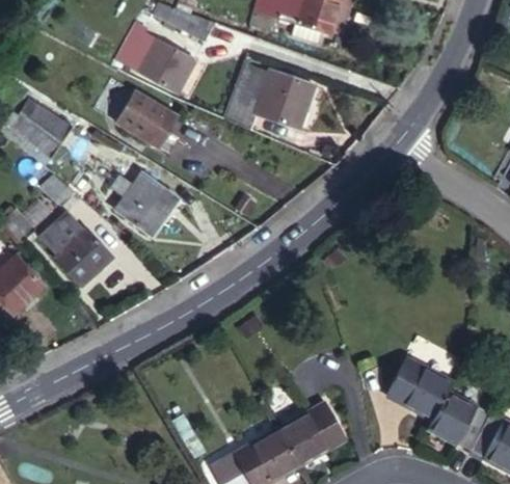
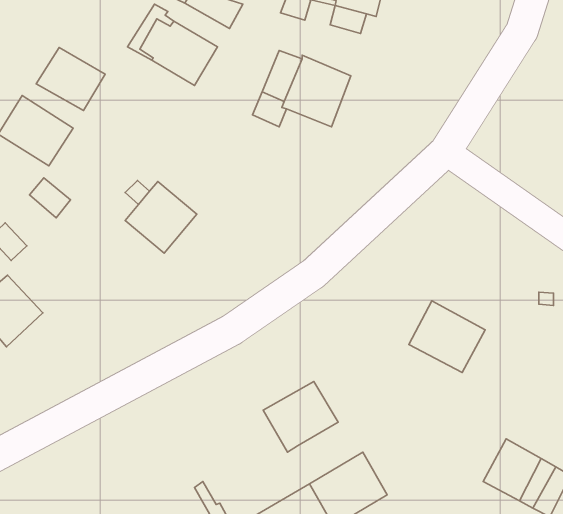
building: [120,88,180,142] -> [36,47,105,110]
building: [49,216,113,283] -> none
building: none -> [263,381,338,452]
building: [382,361,448,423] -> [409,301,485,372]

